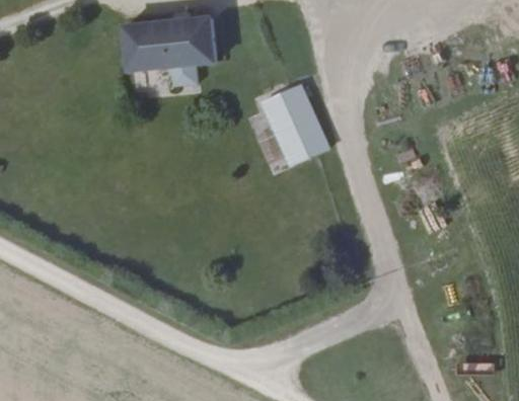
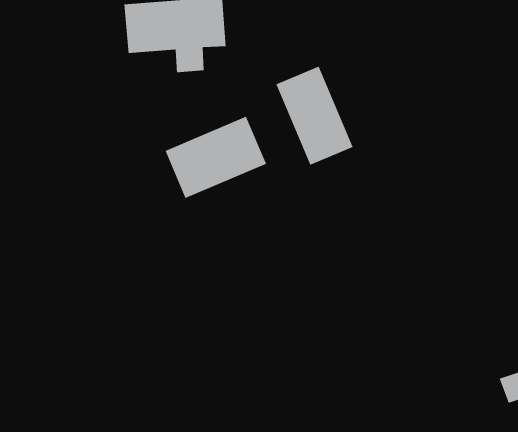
building: none -> [165,116,267,199]

